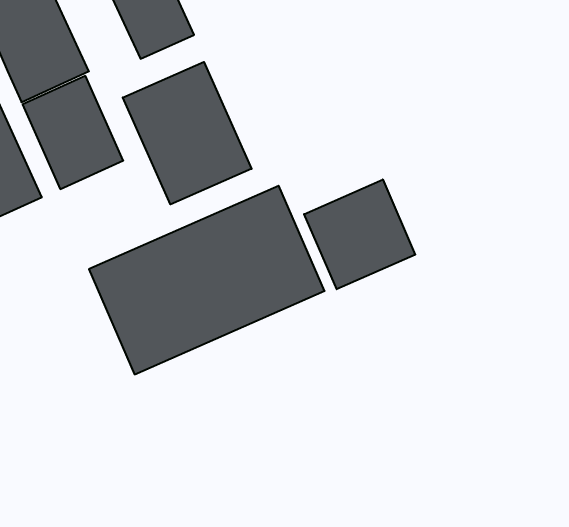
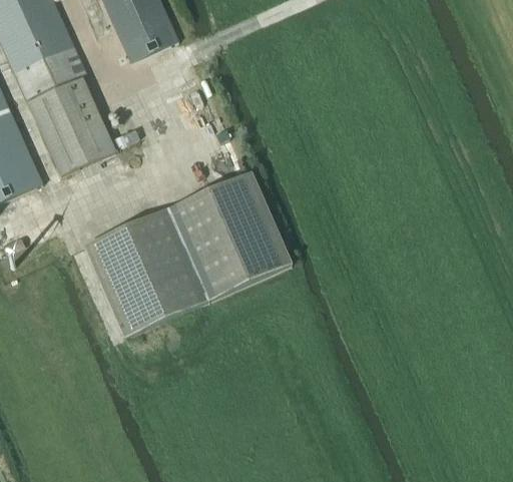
building: [123,62,252,204] -> none
building: [304,179,415,289] -> none

